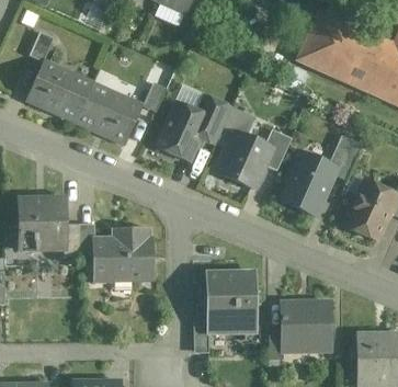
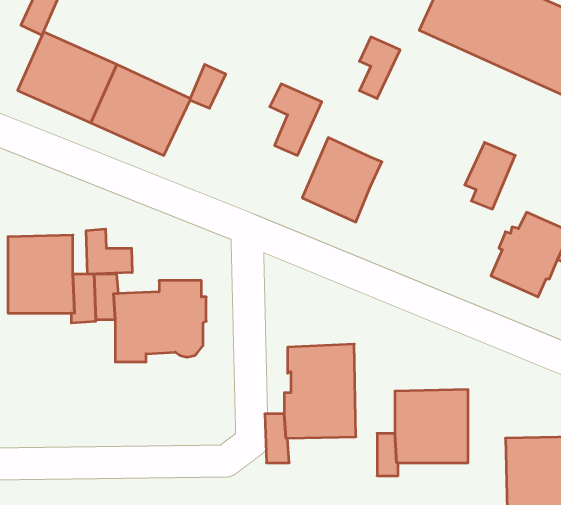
building: [157,102,208,161] -> none
building: [264,128,292,170] -> [359,37,400,99]
building: [281,155,336,215] -> none
building: none -> [86,229,132,274]

